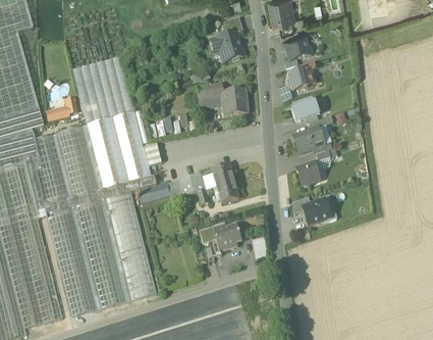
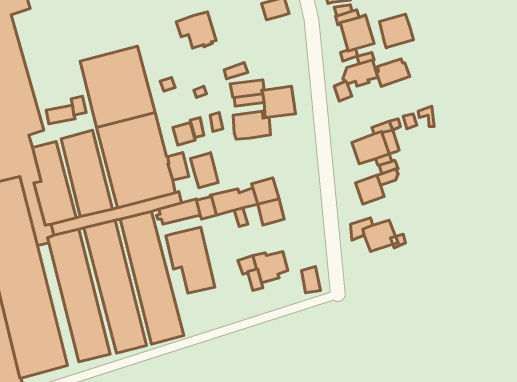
building: none -> [379,14,414,48]
building: [210,35,242,64] -> [176,12,216,48]
building: [291,101,319,124] -> [376,59,410,86]
building: none -> [233,111,271,139]
building: none -> [190,153,218,188]
building: none -> [166,227,215,293]

